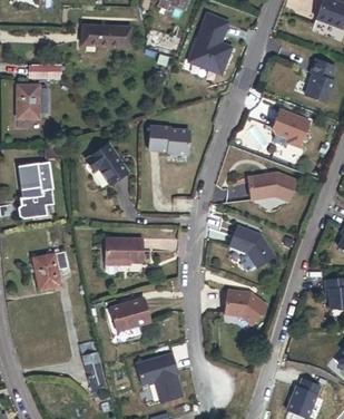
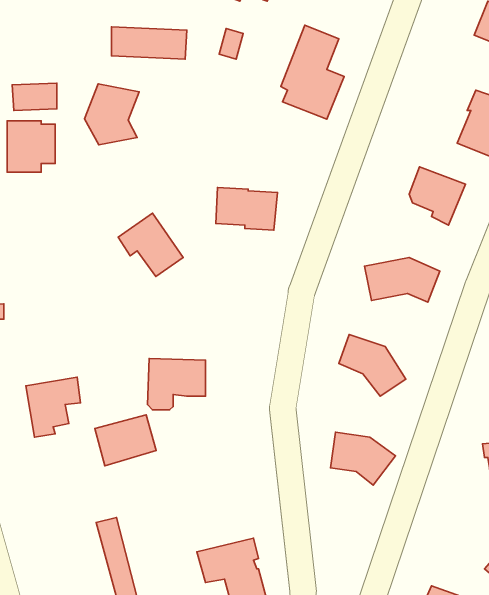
building: none -> [85,84,139,145]
building: [18,158,51,212] -> none
building: [111,296,151,330] -> [95,415,156,466]

